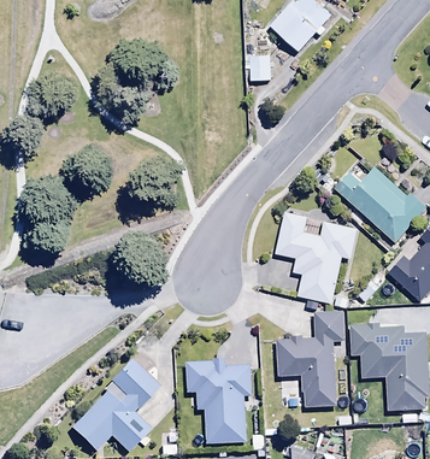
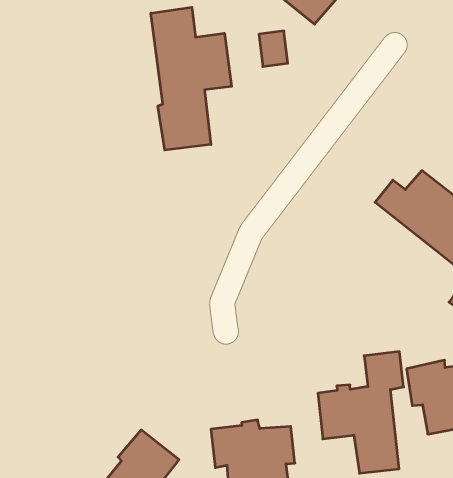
building: none -> [151,7,232,150]
building: [275,213,358,302] -> none

